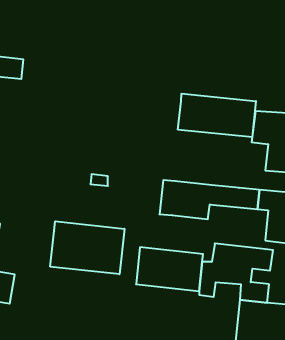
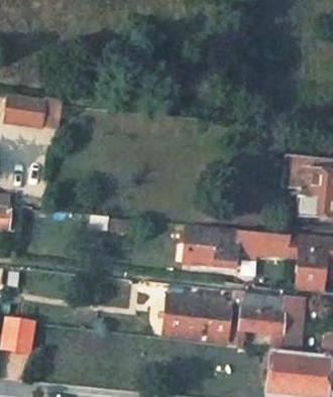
building: [178,94,256,137] -> none
building: [50,221,124,274] -> none

